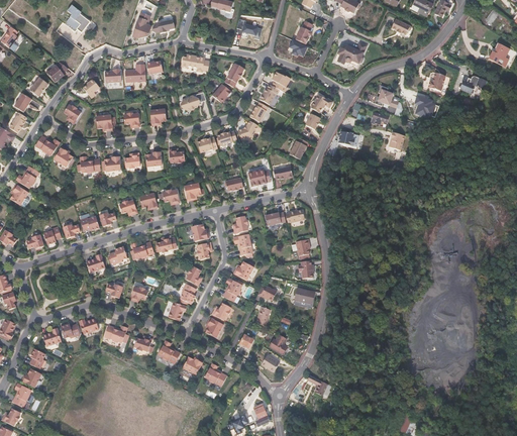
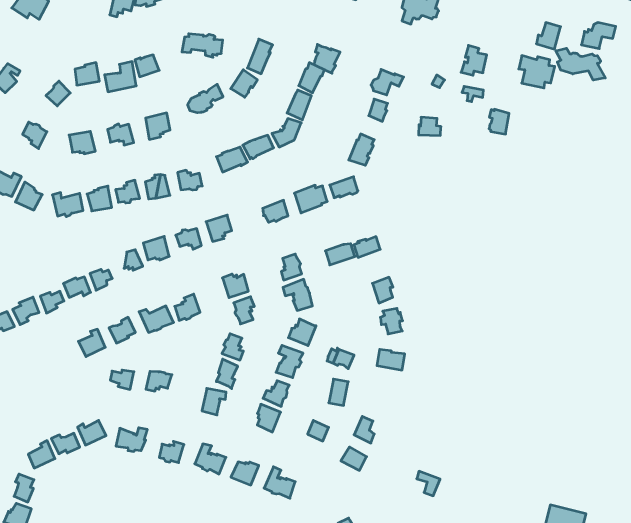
building: none -> [556,48,605,80]

